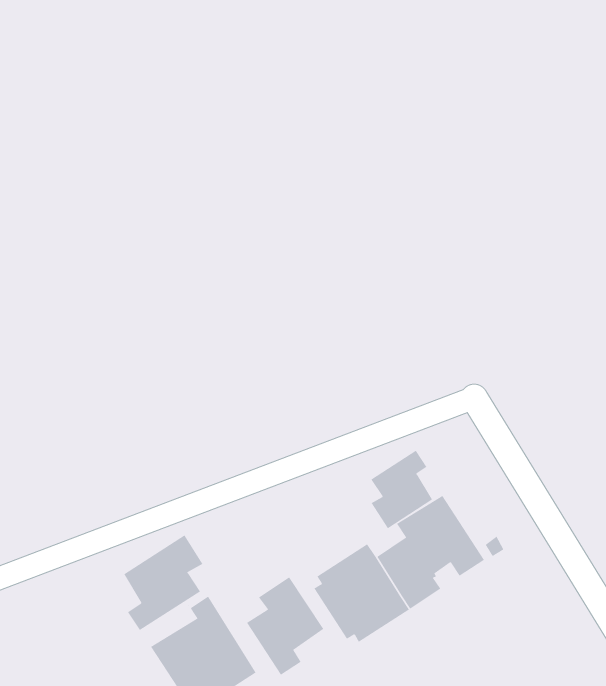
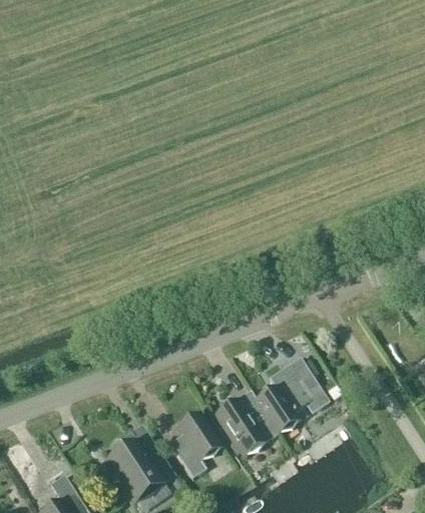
building: [371,450,433,529] -> none
building: [124,535,203,631] -> none

